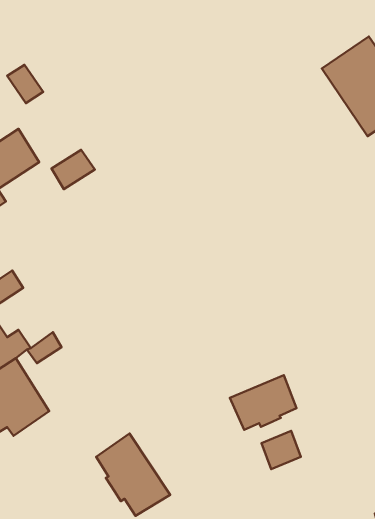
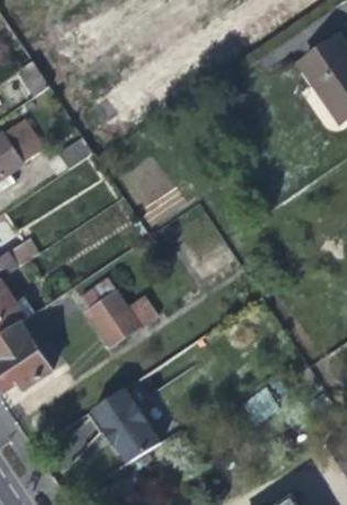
building: none -> [76,278,155,346]
building: [230,375,296,430] -> none

